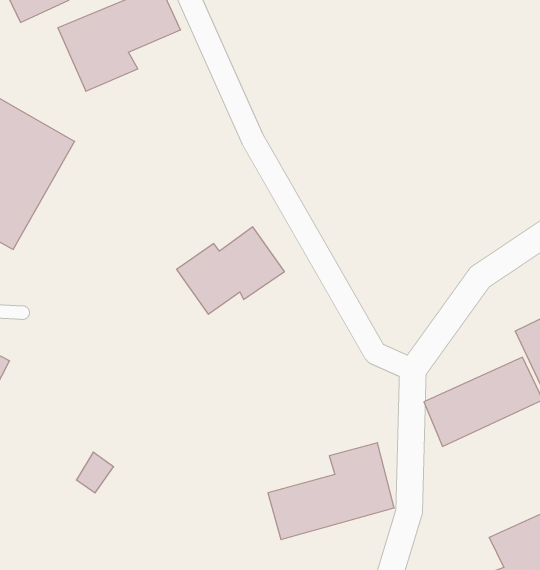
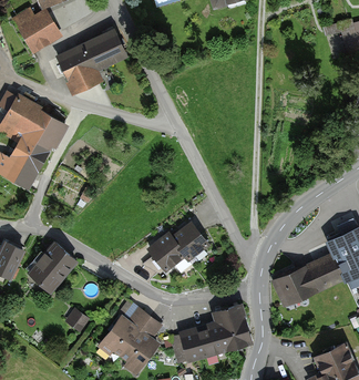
building: [177,227,284,314] -> [144,220,208,273]
building: none -> [25,242,79,296]
building: none -> [99,308,163,373]

